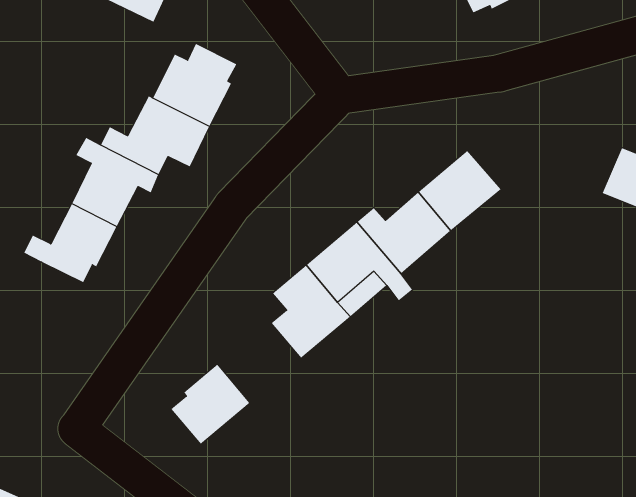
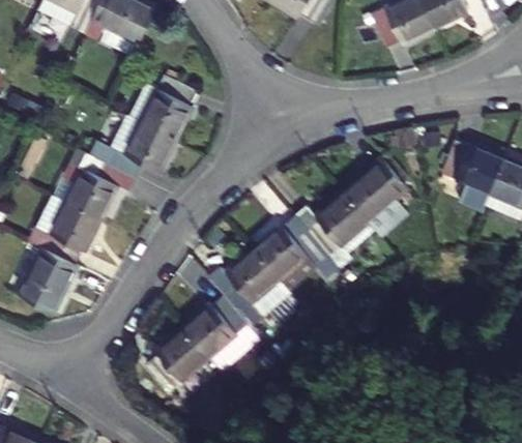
building: none -> [439,140,502,193]
building: none -> [18,247,78,313]
building: none -> [181,296,259,372]

